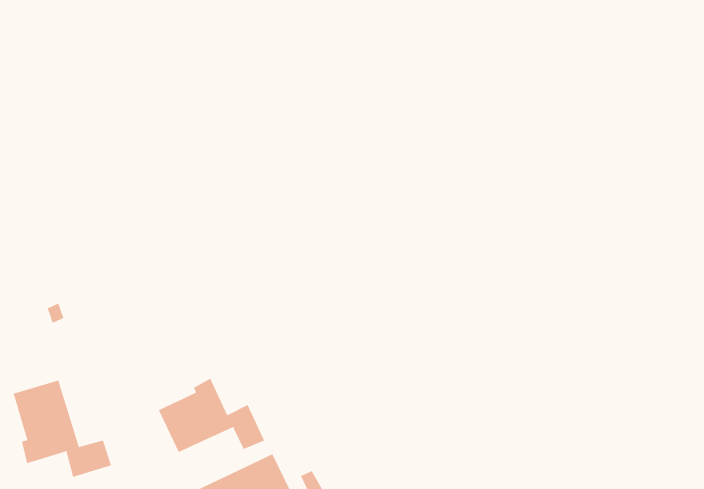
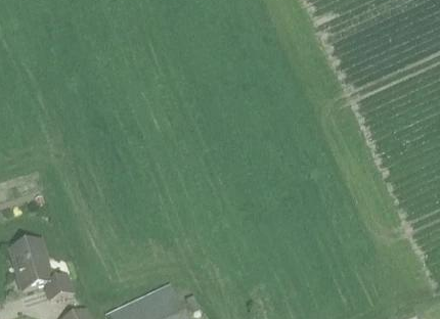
building: [158,378,265,453] -> none

